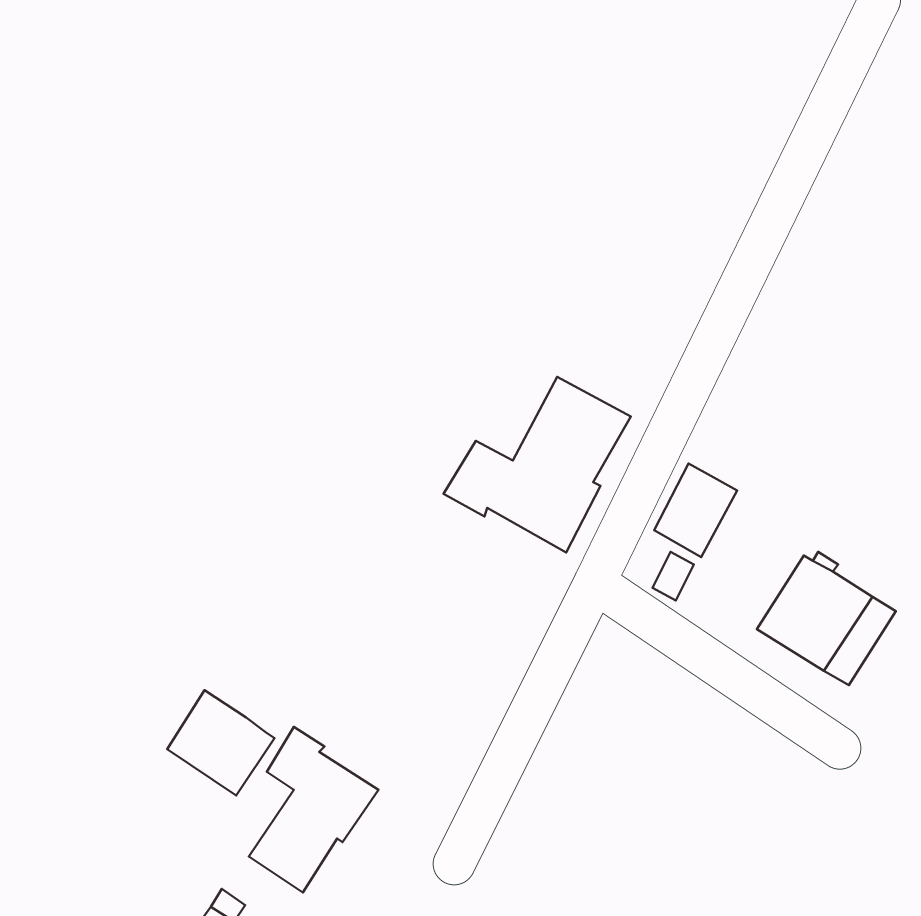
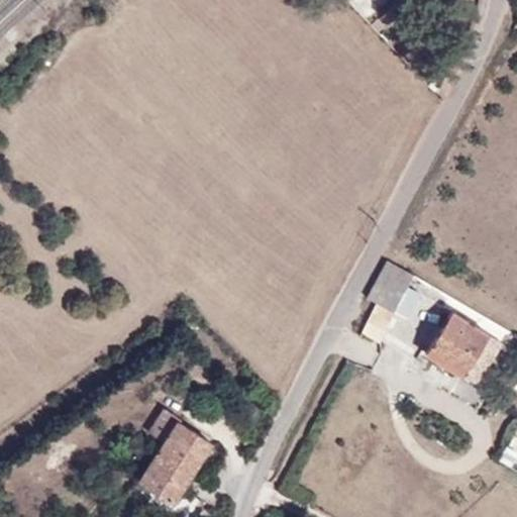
building: [444,377,631,553] -> none
building: [167,690,274,796] -> none

